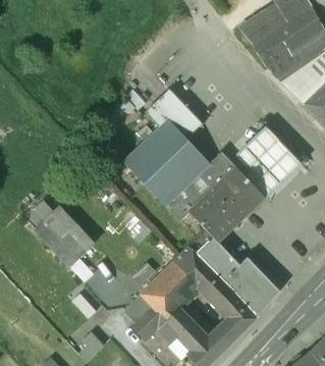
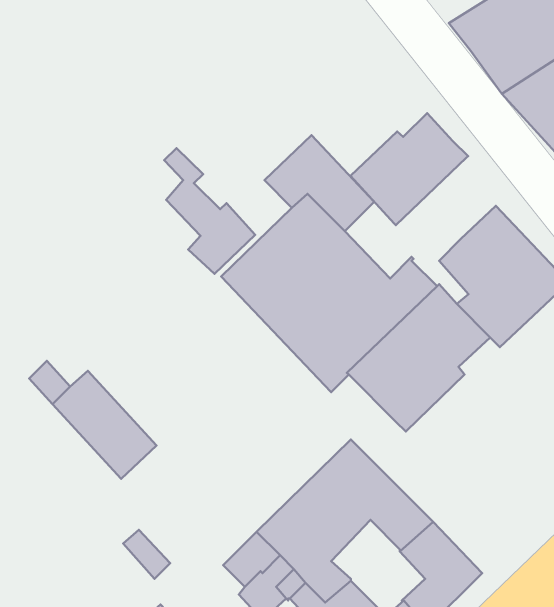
building: none -> [350,113,468,225]
building: none -> [164,148,255,274]
building: [197,237,280,315] -> none

